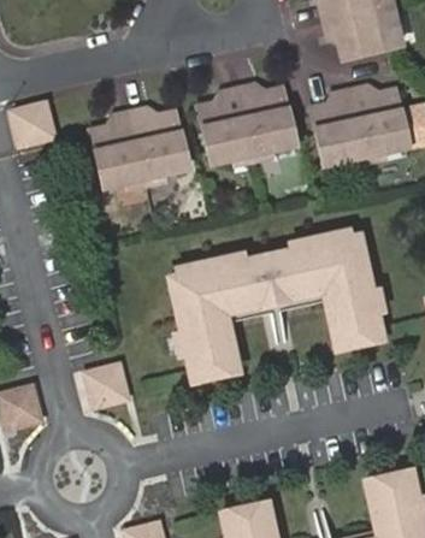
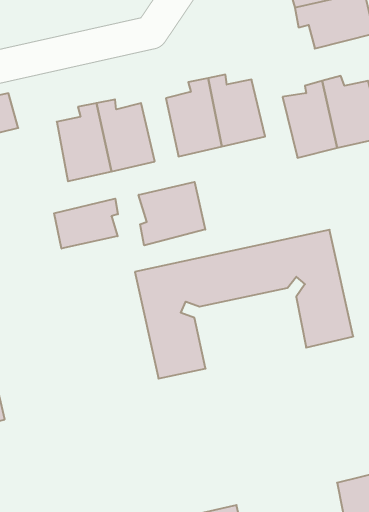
building: none -> [139,182,205,245]
building: none -> [54,199,118,249]
building: [85,363,130,407] -> none

